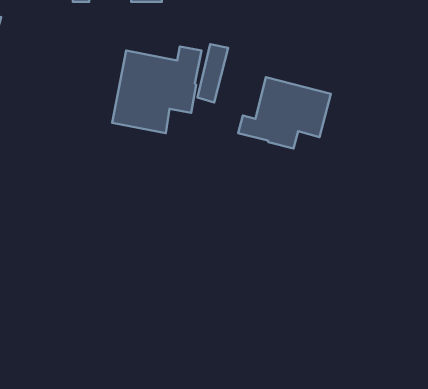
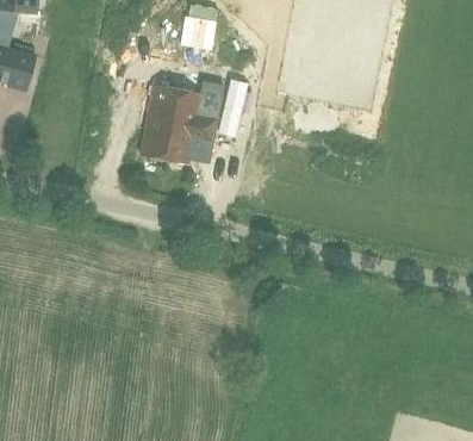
building: [238,77,331,149] -> none

